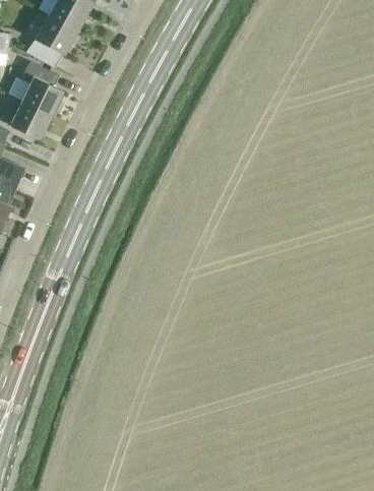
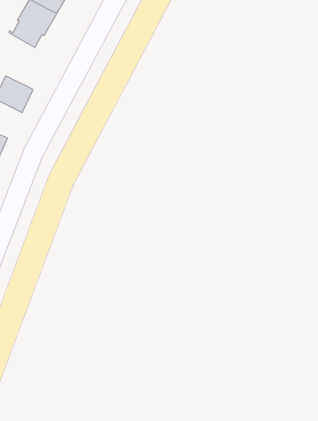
building: [19,61,64,116] -> none

